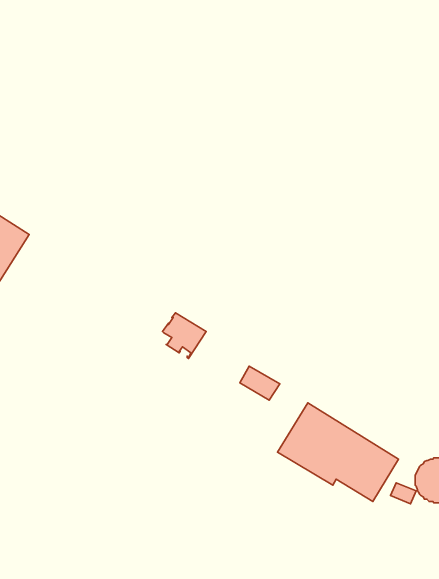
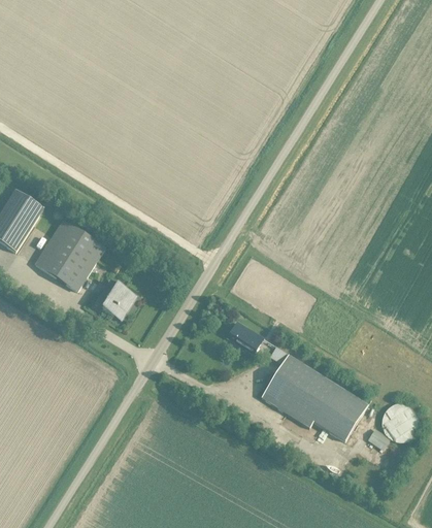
building: none -> [34,219,104,291]
building: [163,313,206,359] -> [98,279,136,320]

